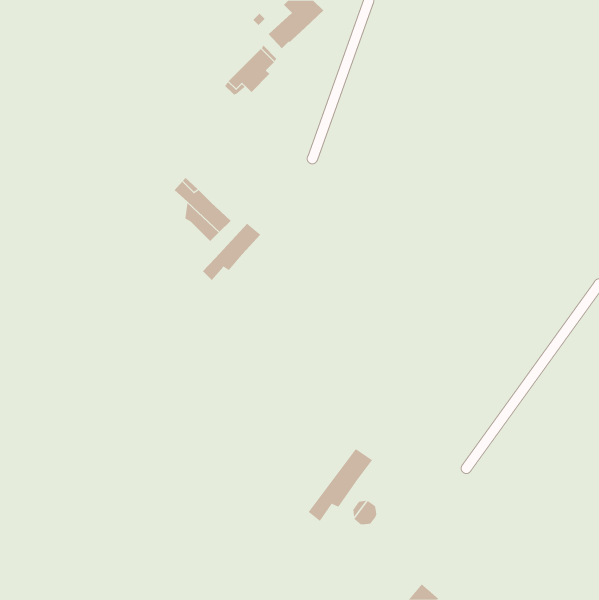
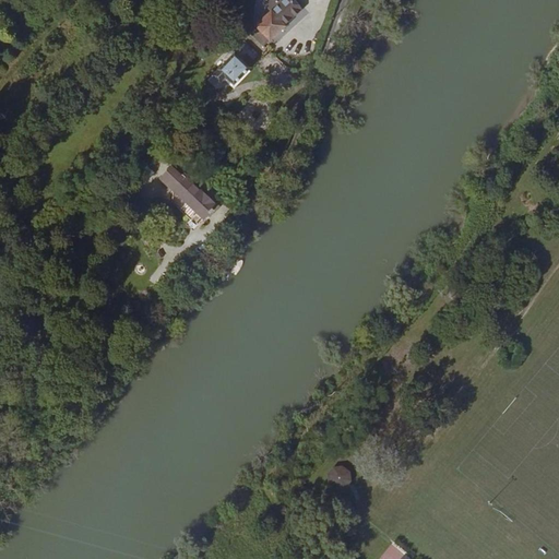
building: [202,223,261,281] -> none
building: [308,448,373,522] -> none

